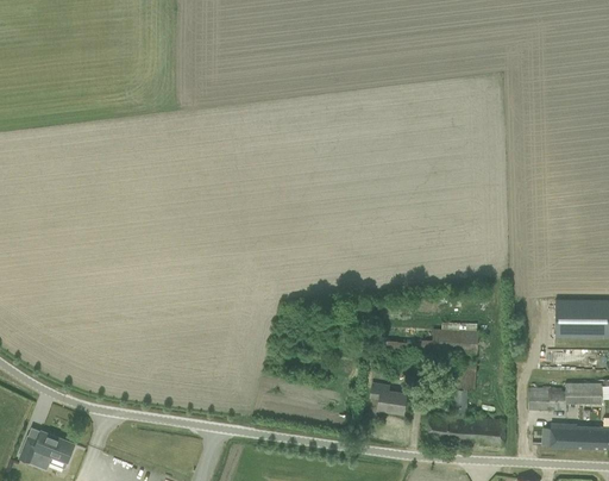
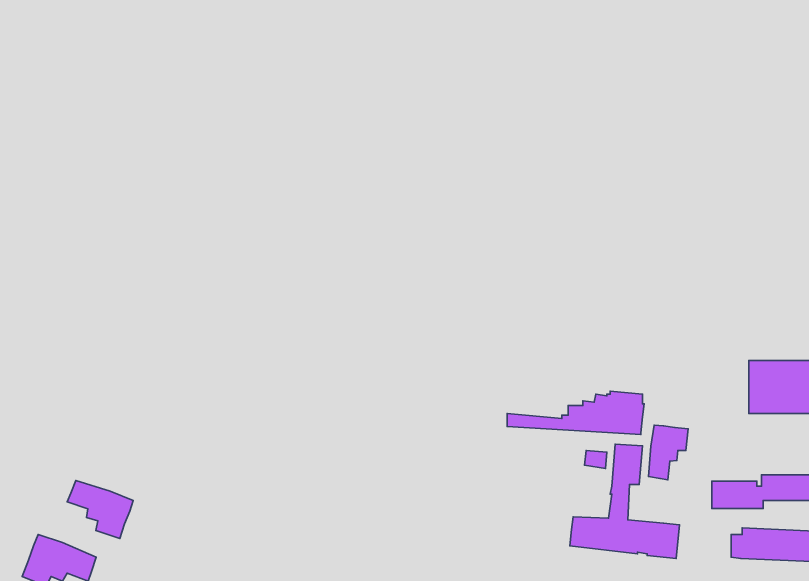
building: none -> [649,425,688,480]
building: [370,383,406,412] -> none
building: none -> [67,480,133,539]

